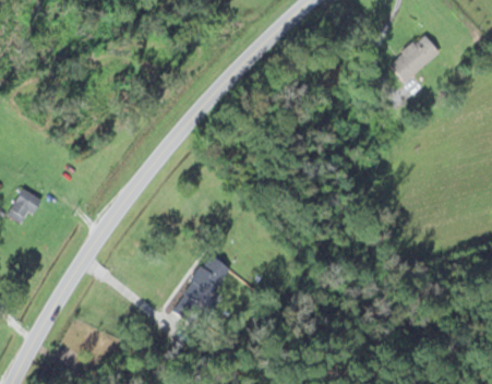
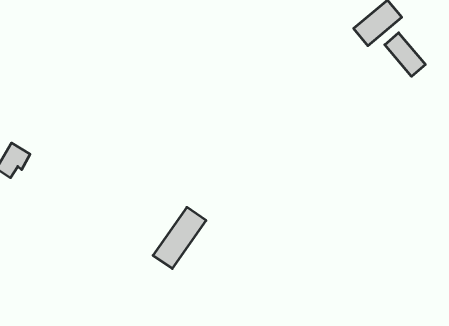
building: none -> [385,33,425,76]

